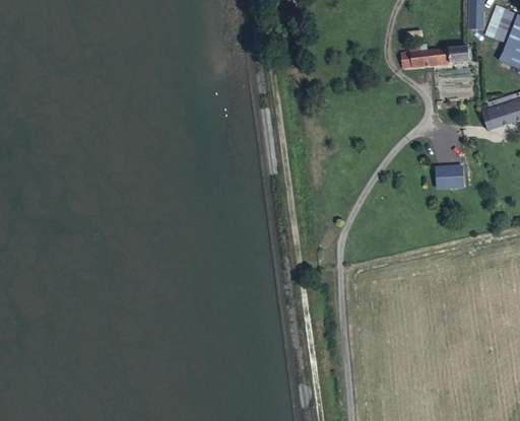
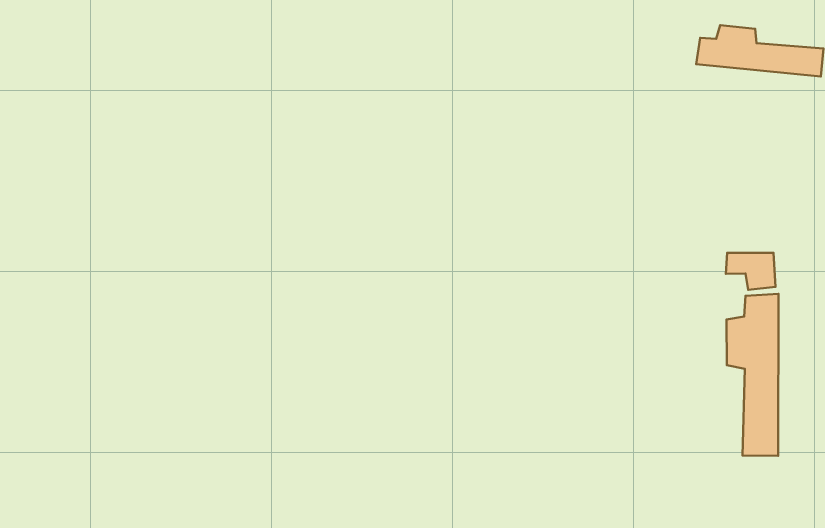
building: none -> [727,294,778,456]

